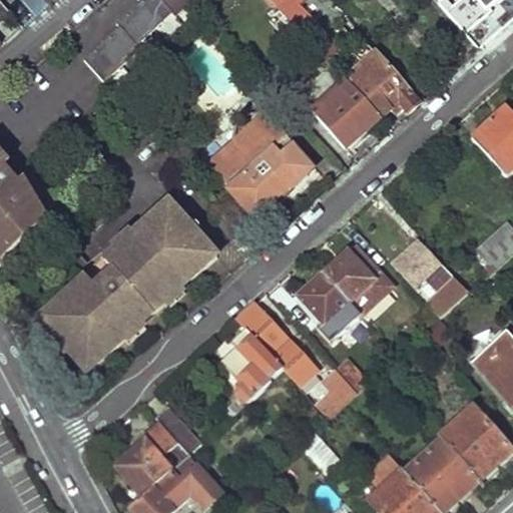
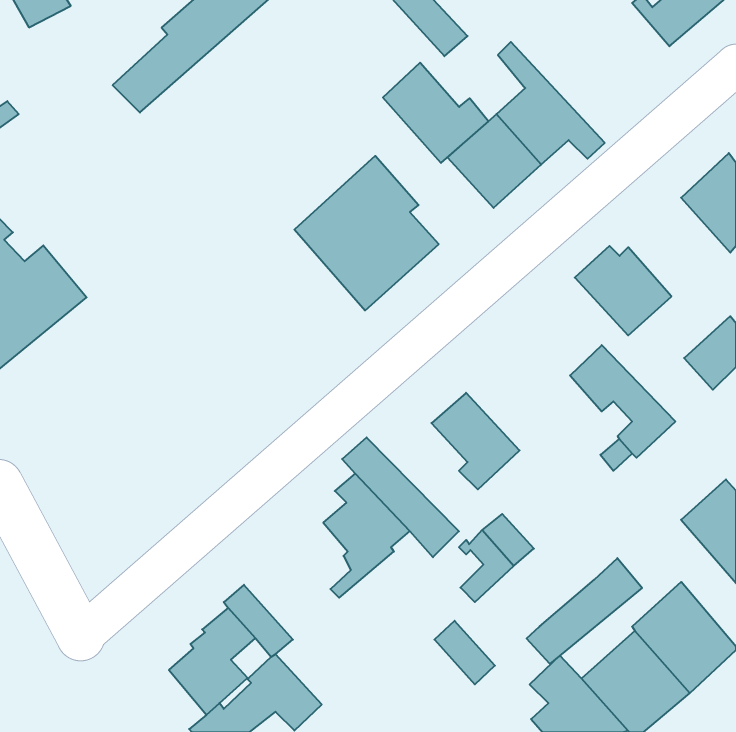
building: none -> [383,63,488,163]
building: [34,195,211,368] -> none
building: [324,250,391,313] -> [575,246,671,335]
building: none -> [527,558,642,664]

